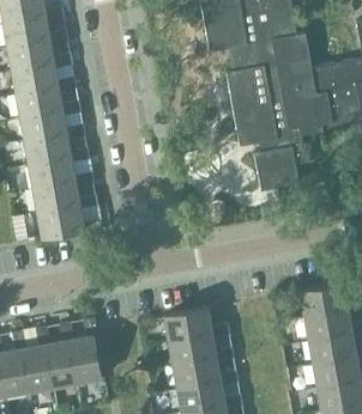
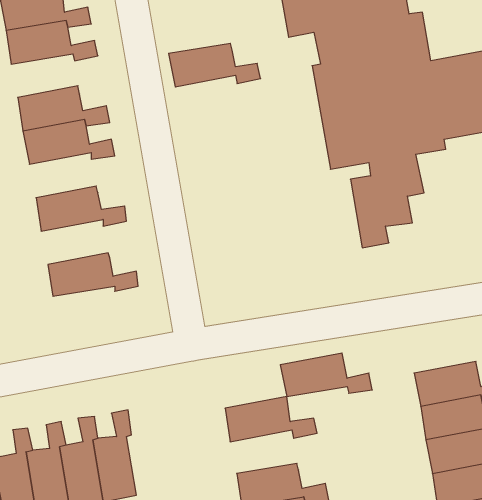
building: [11,65,77,96] -> [169,43,261,87]
building: [24,135,90,168] -> none
building: [32,183,98,215] -> none
building: [168,334,234,365] -> [280,353,372,397]

